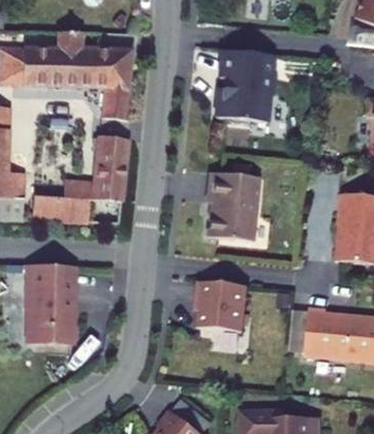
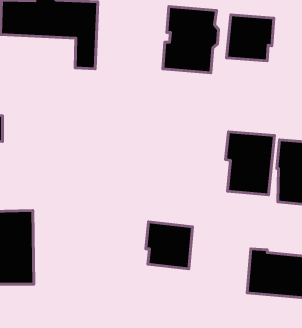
building: none -> [227,15,274,61]
building: [44,136,137,217] -> none
building: [205,172,257,240] -> [226,132,274,195]

